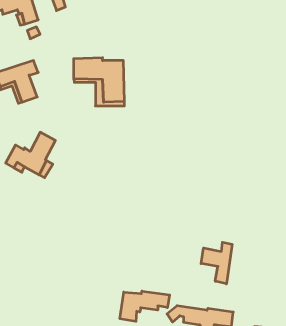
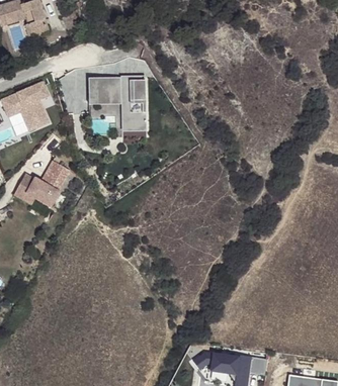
building: [201,242,232,284] -> none
building: [120,291,170,321] -> none

